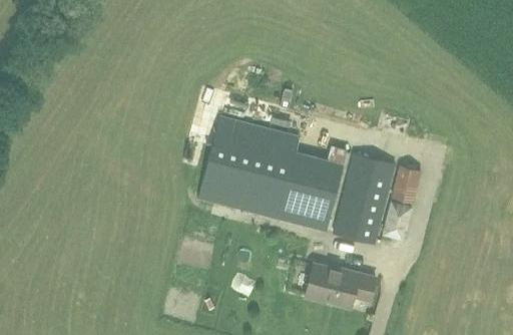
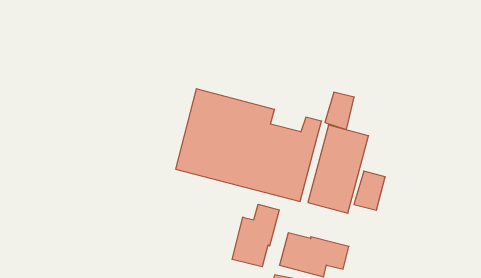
building: [391,164,421,203] -> [325,92,354,129]
building: none -> [232,204,279,267]

